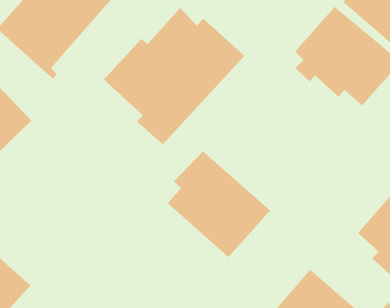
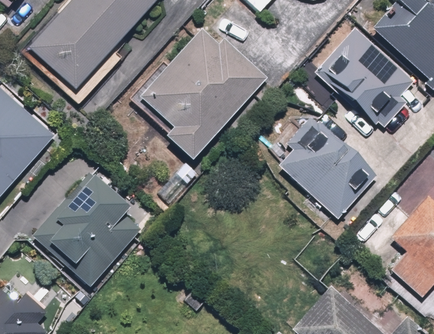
building: [167,151,271,258] -> [279,114,380,218]
building: none -> [33,174,148,290]

